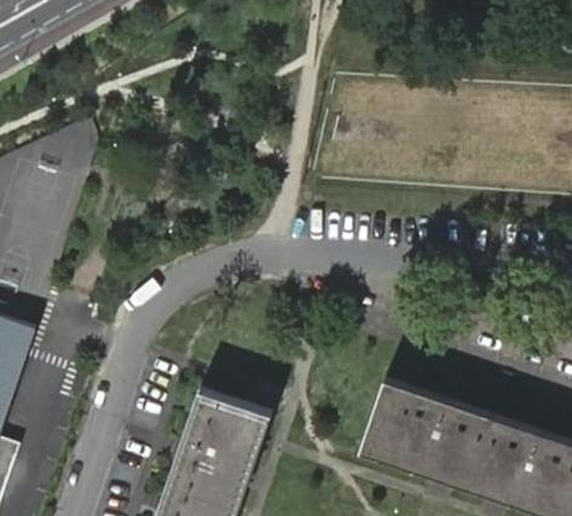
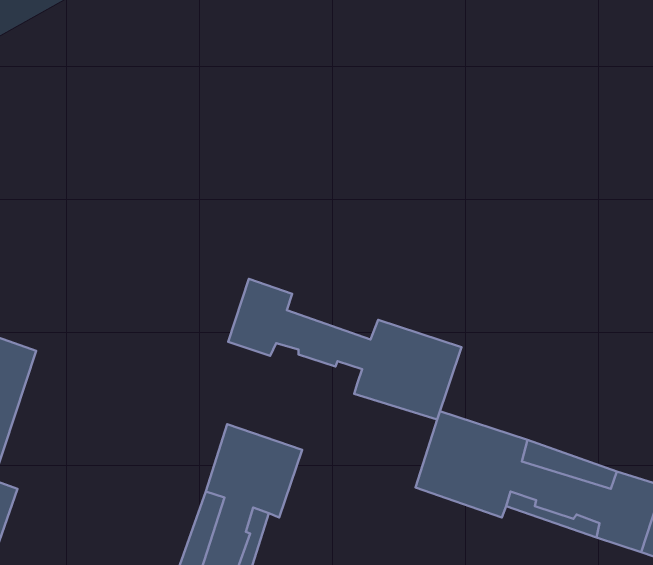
building: none -> [228,279,461,419]

